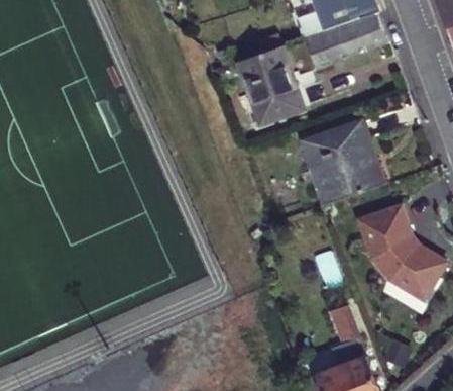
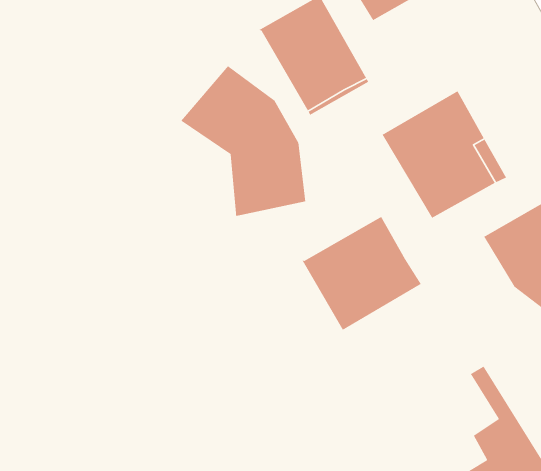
building: none -> [180,65,306,217]
building: none -> [301,216,422,331]

